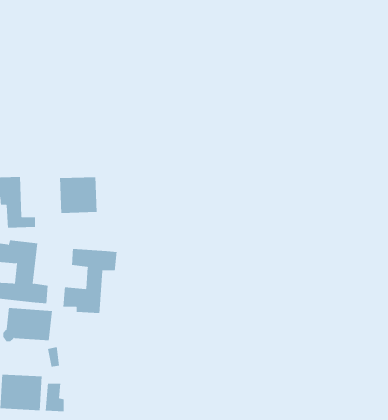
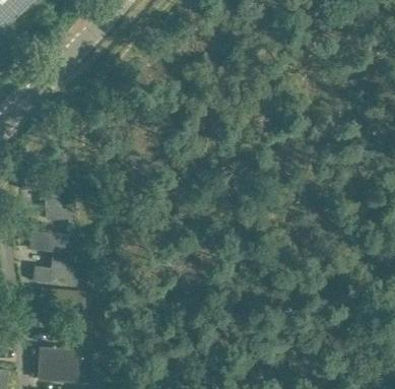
building: [59,177,97,214] -> none
building: [63,248,117,314] -> none

